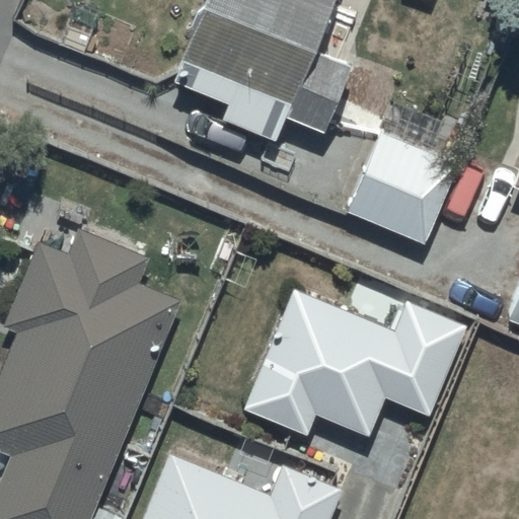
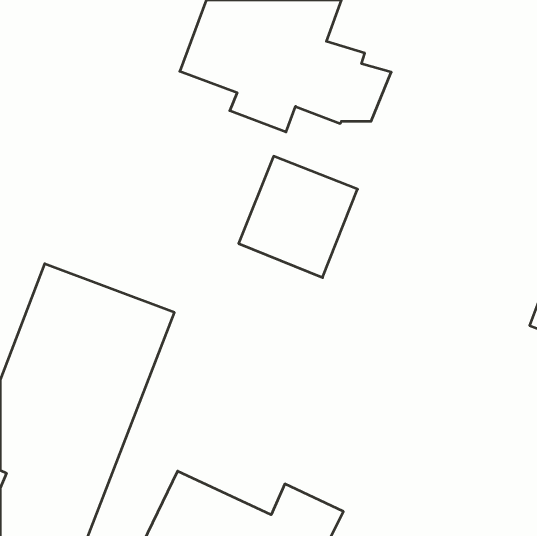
building: [350,126,463,241] -> [239,156,358,278]
building: [240,290,455,433] -> none

